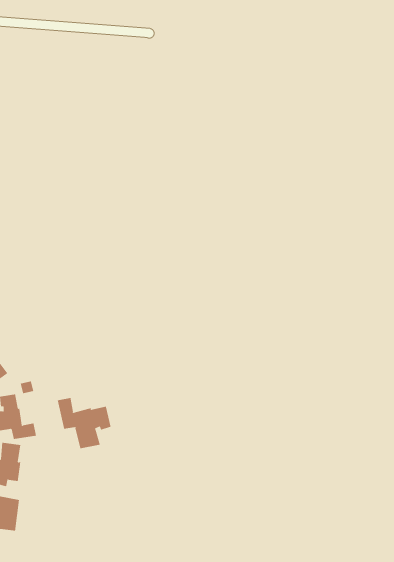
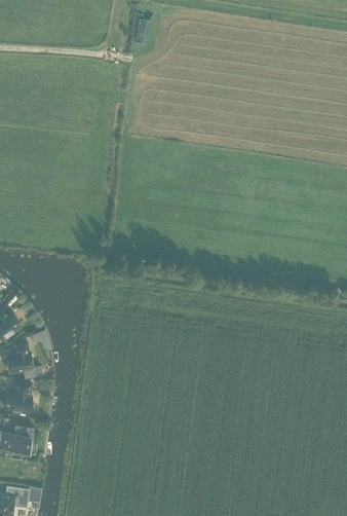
building: [57,397,111,449] -> none

